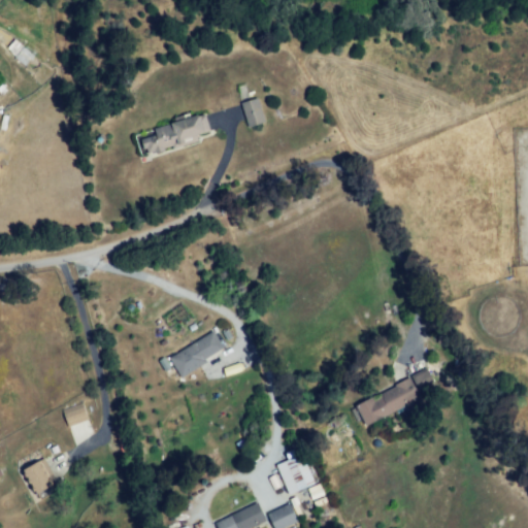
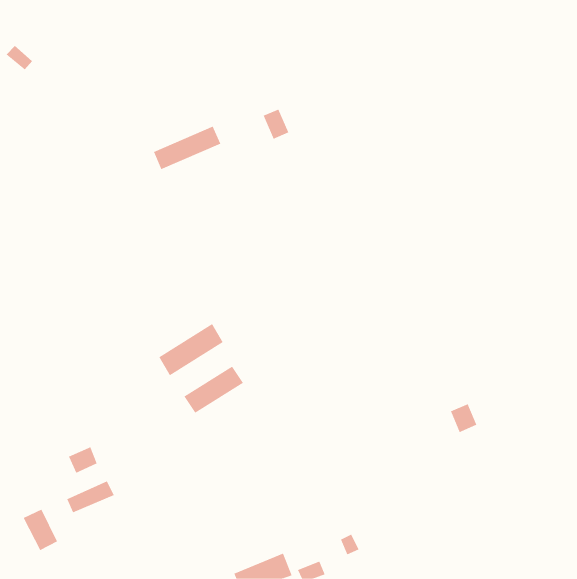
building: none -> [159,323,224,376]
building: [359,380,417,424] -> none
building: none -> [67,480,114,513]
building: [277,454,316,494] -> none

